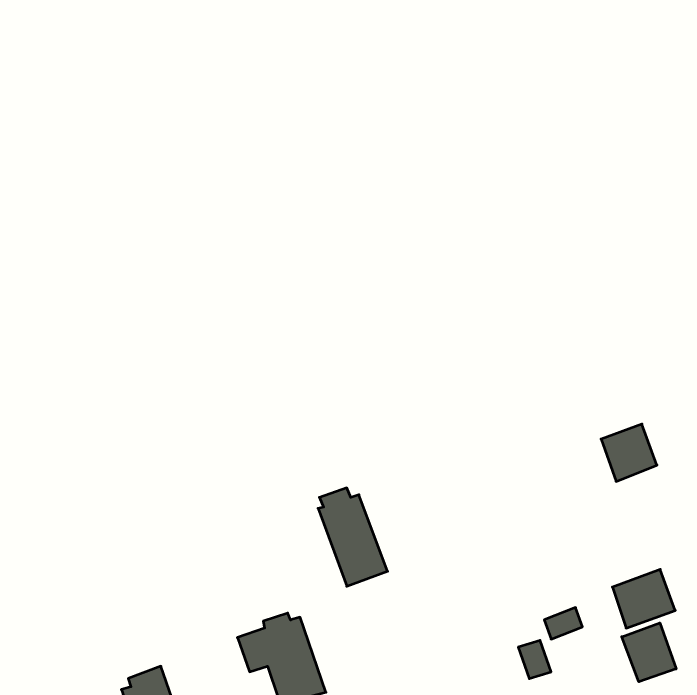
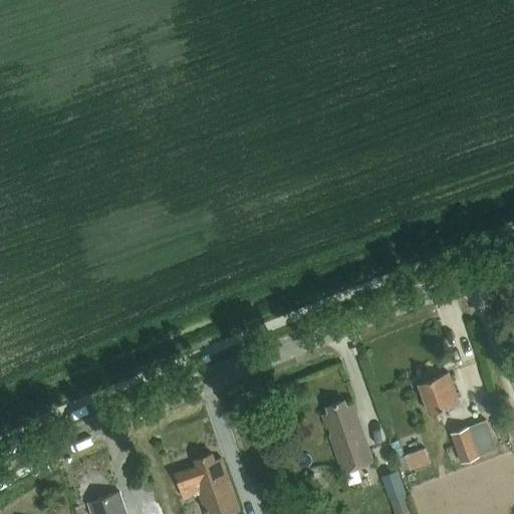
building: [601,424,657,481] -> [417,372,458,415]
building: [318,488,388,586] -> [322,401,373,473]
building: [622,623,676,682] -> none

